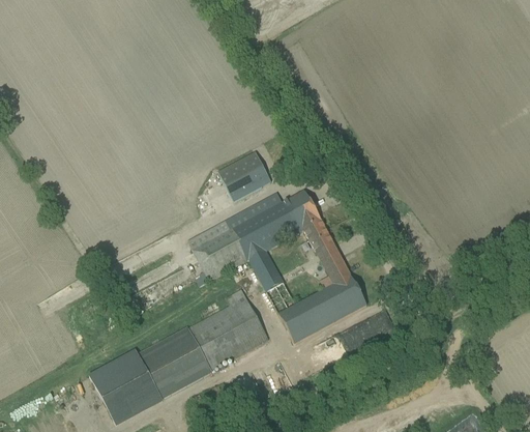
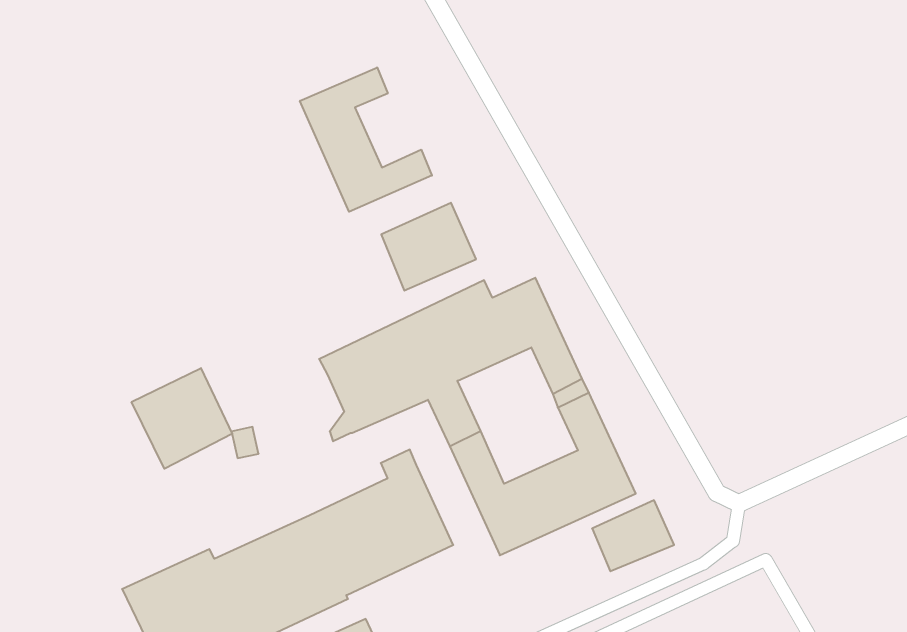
building: none -> [300,67,432,212]
building: none -> [132,368,232,469]

